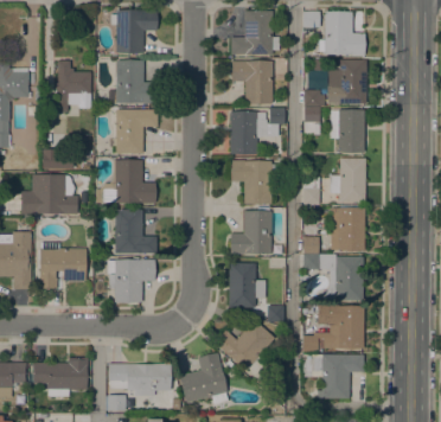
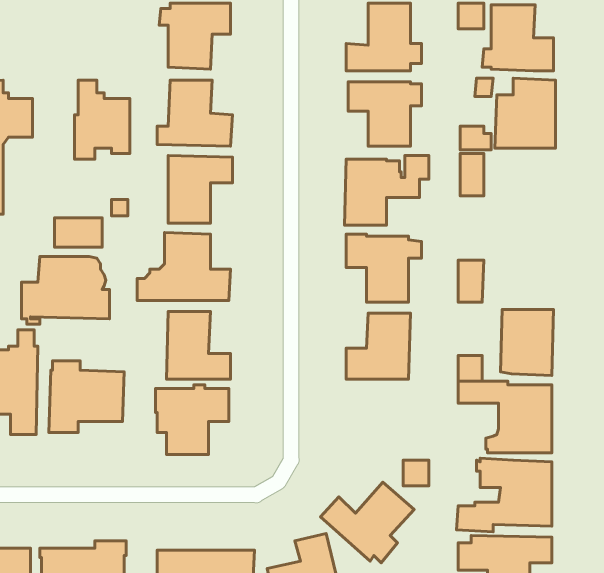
building: [331,110,365,153] -> none
building: [330,158,366,203] -> none
building: [229,263,266,307] -> none

